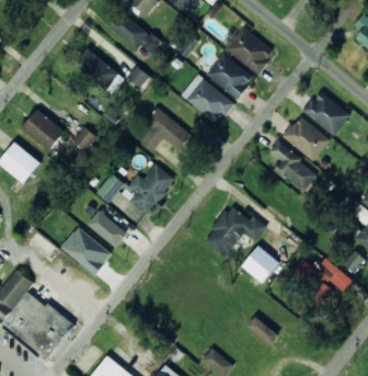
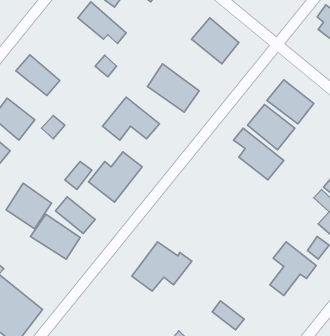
building: [74,47,119,89] -> [16,55,60,96]
building: [206,53,253,98] -> none
building: none -> [6,183,52,229]
building: [204,205,265,255] -> [132,242,192,291]
building: [242,246,279,283] -> none

